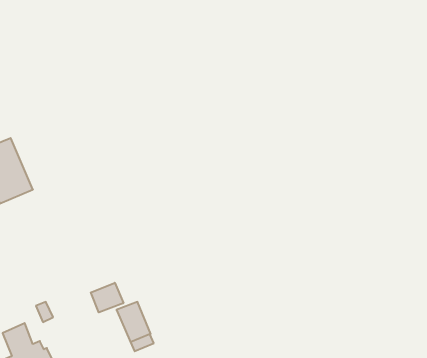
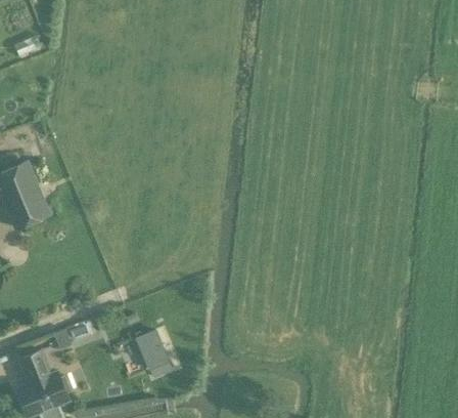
building: [91,283,123,312] -> none

